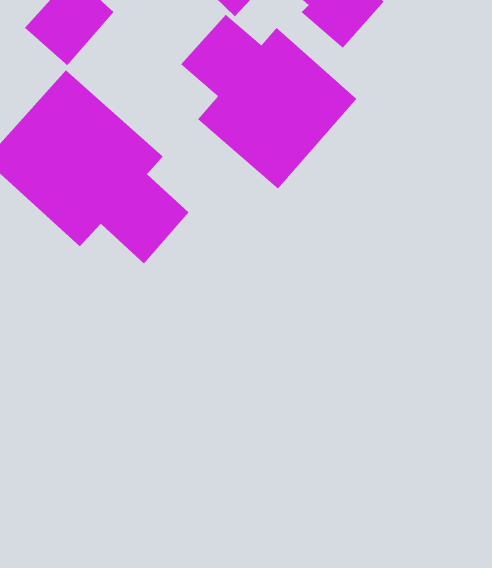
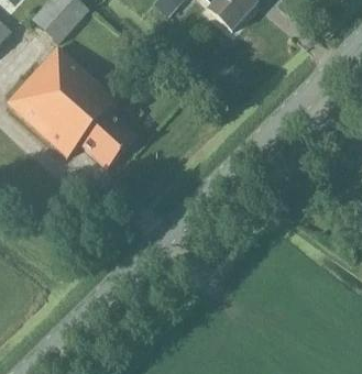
building: [180,14,357,190] -> none

